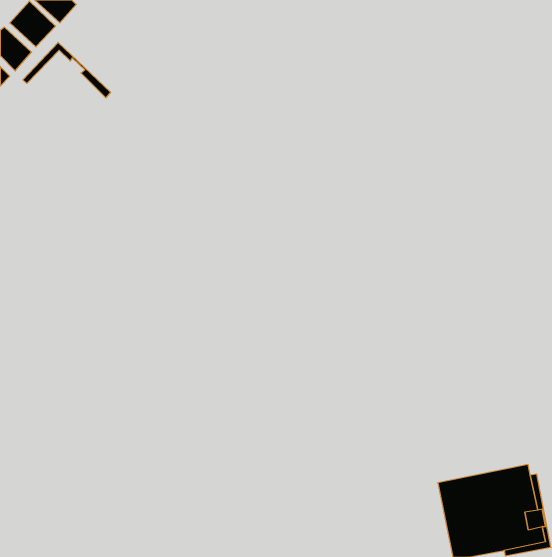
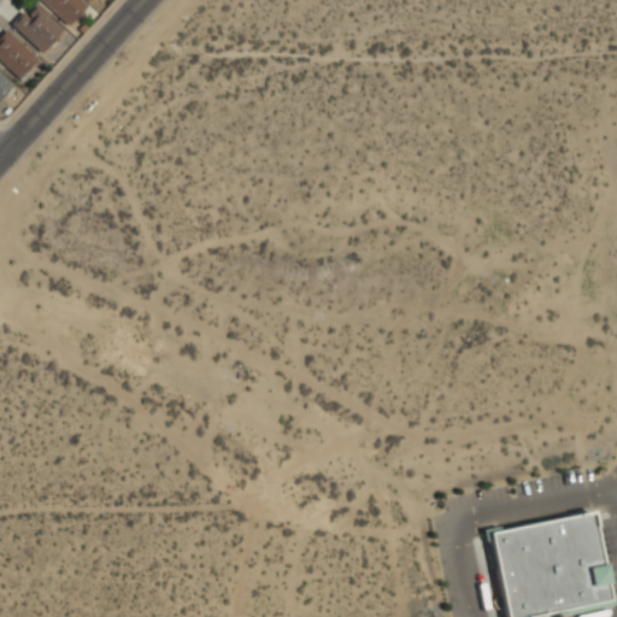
building: [23,42,111,98] -> none

